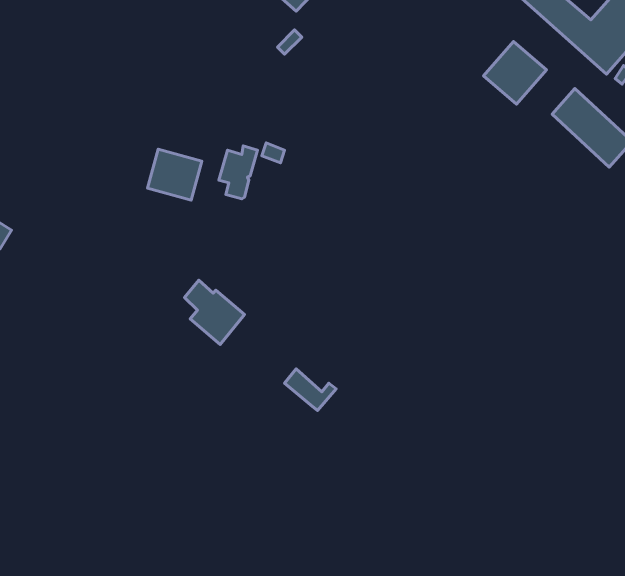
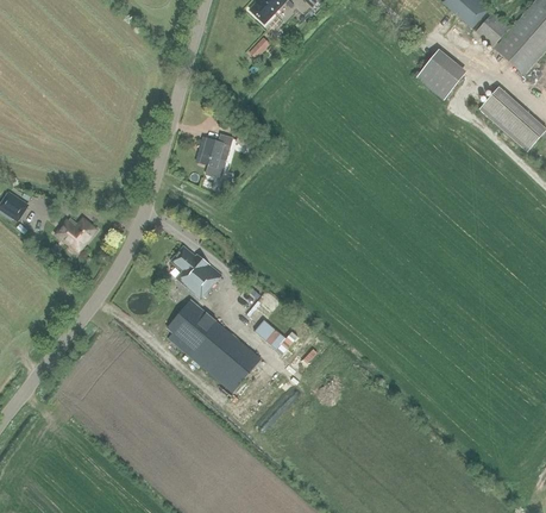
building: [147,149,202,200] -> none
building: none -> [57,217,95,246]
building: none -> [172,304,262,393]

